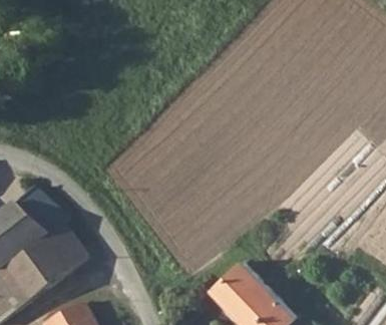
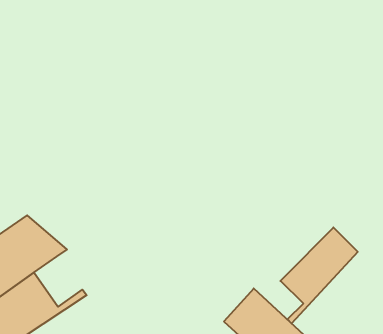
building: none -> [280,227,358,323]
building: [41,228,83,272] -> none

